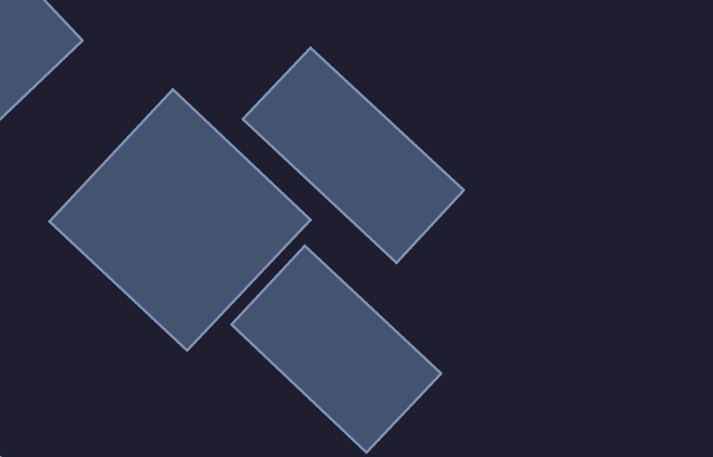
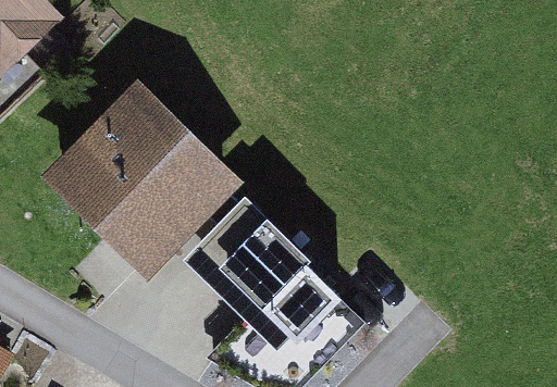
building: [243,48,464,263] -> none

